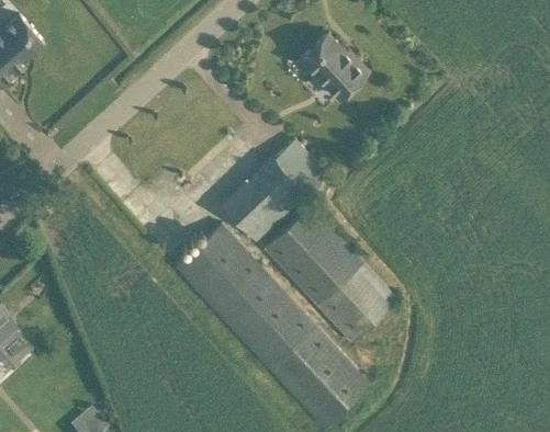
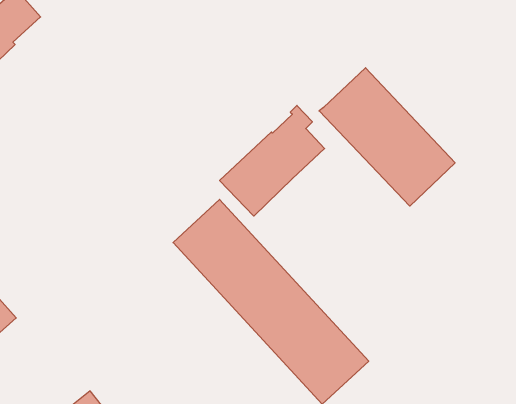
building: [300,32,363,96] -> none
building: [258,202,393,339] -> [319,68,455,206]

